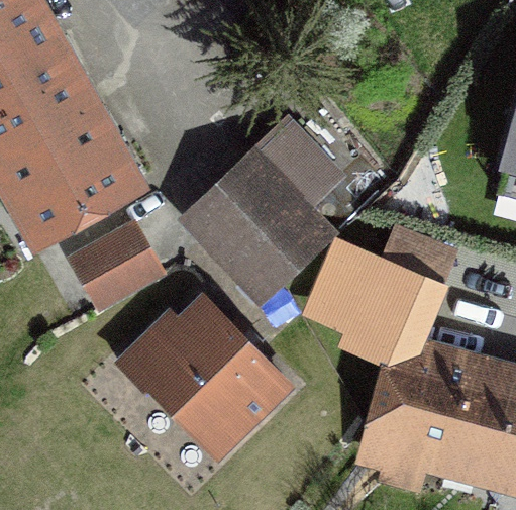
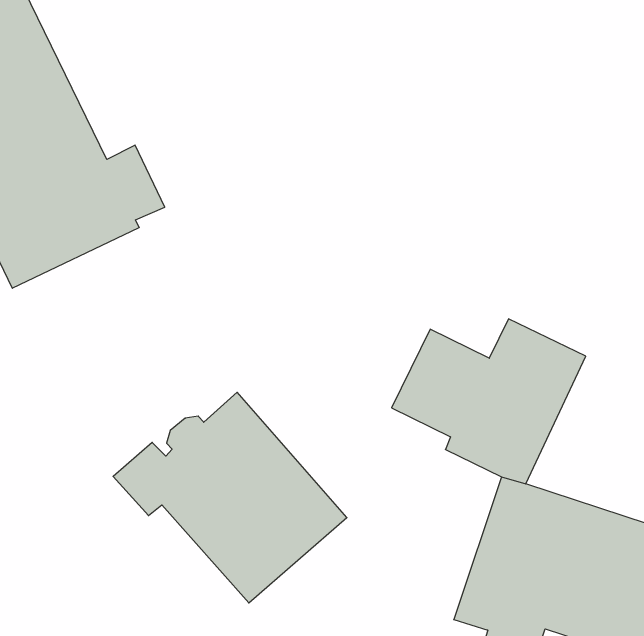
building: [189,127,337,301] -> none
building: [76,231,153,305] -> none

